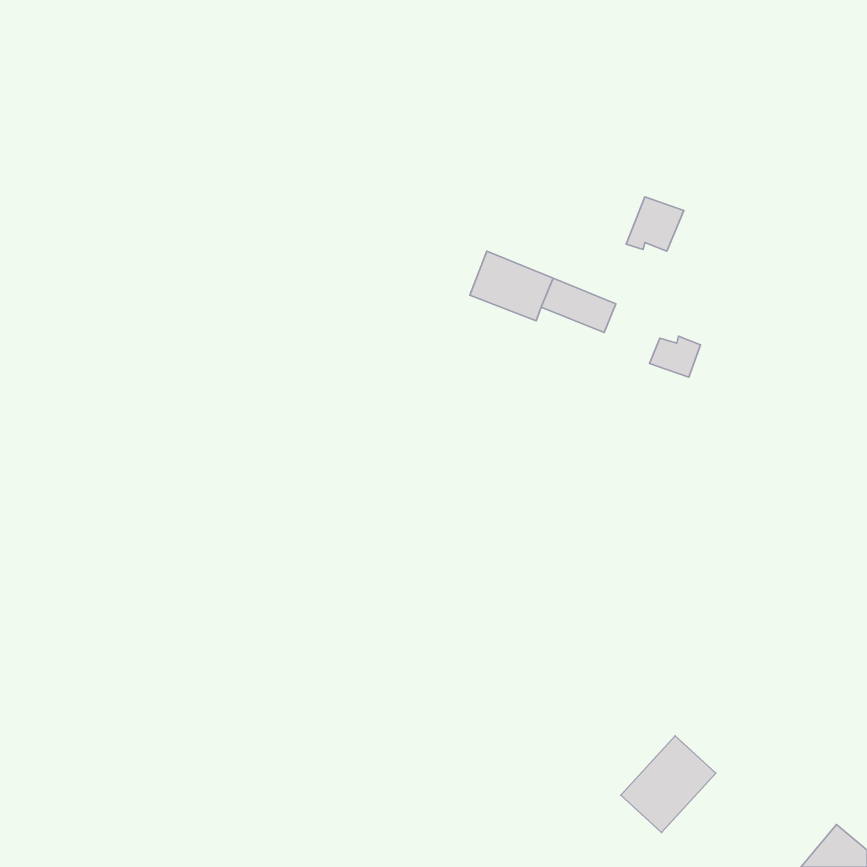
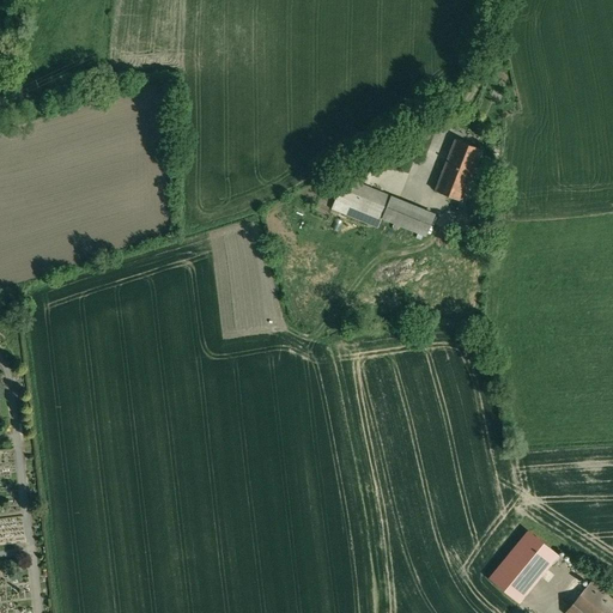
building: [650,336,701,377] -> [435,171,471,200]
building: [621,736,716,833] -> [491,532,558,600]

